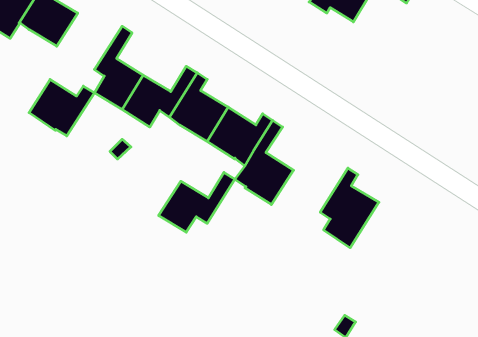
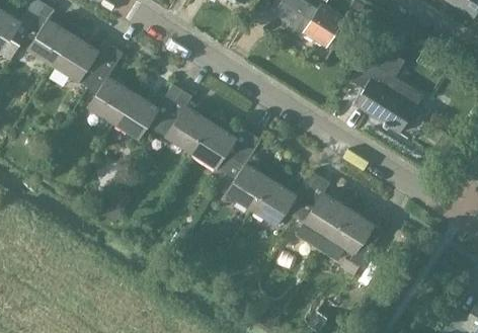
building: none -> [350,58,415,133]
building: [29,79,94,136] -> [54,35,113,87]
building: [159,172,235,232] -> [250,171,320,226]
building: none -> [322,209,390,266]

